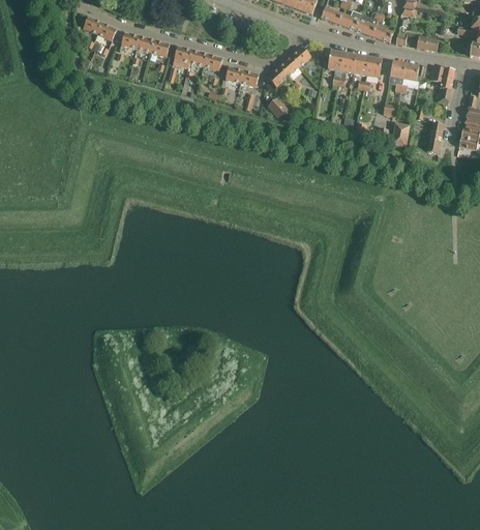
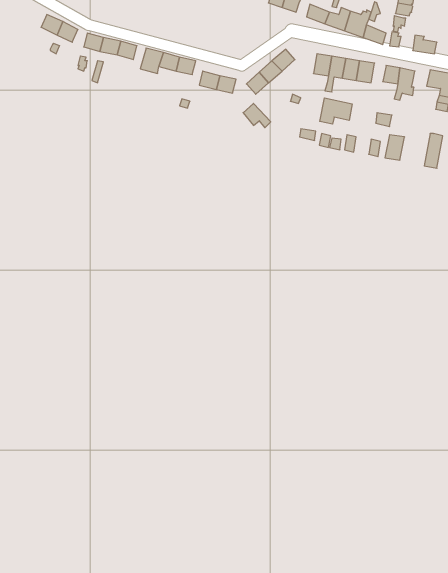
building: none -> [320,98,352,124]

